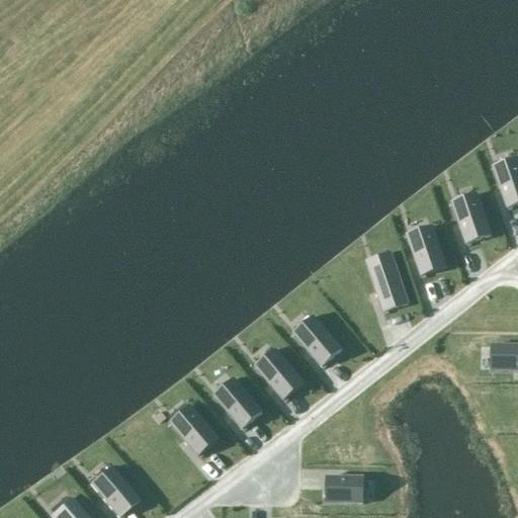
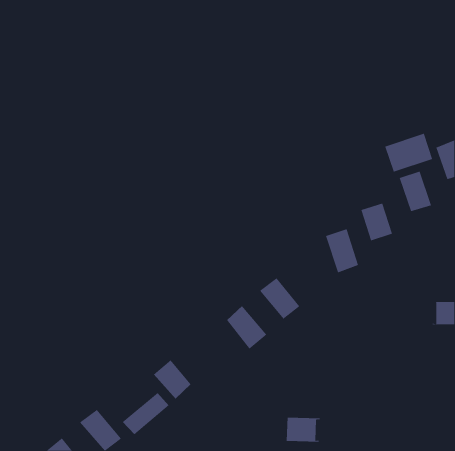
building: none -> [385,133,433,173]
building: [215,378,261,426] -> none
building: none -> [122,392,169,435]

